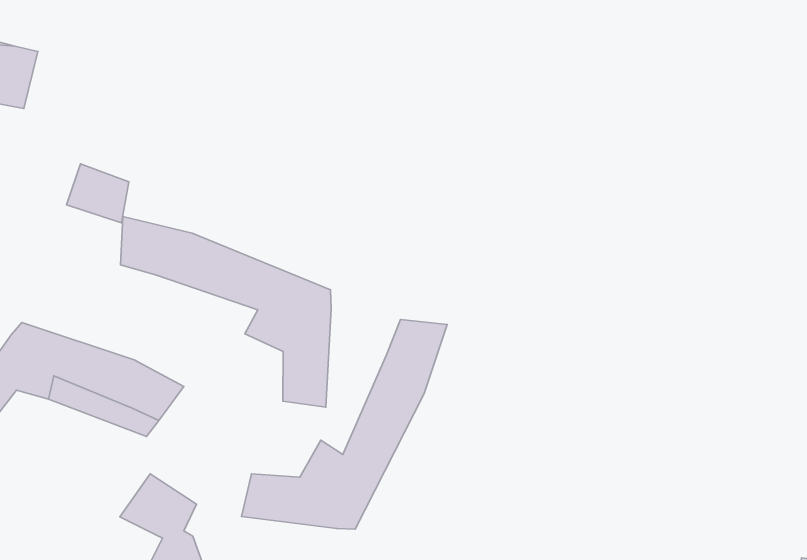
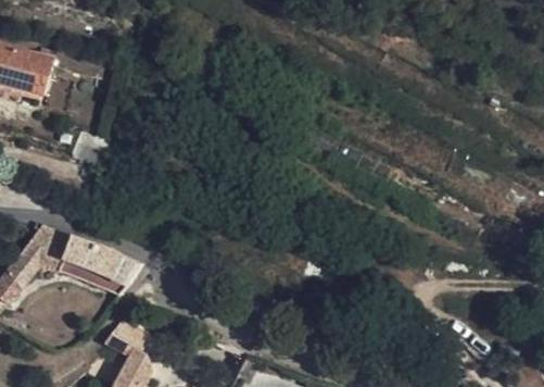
building: [121,216,331,407] -> none
building: [241,319,447,529] -> none

